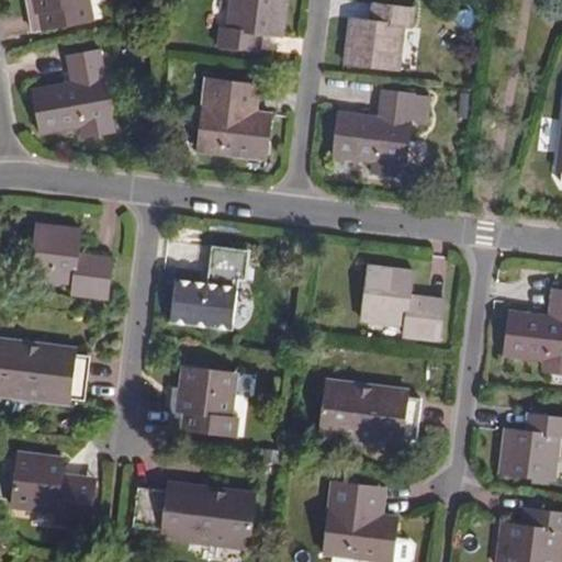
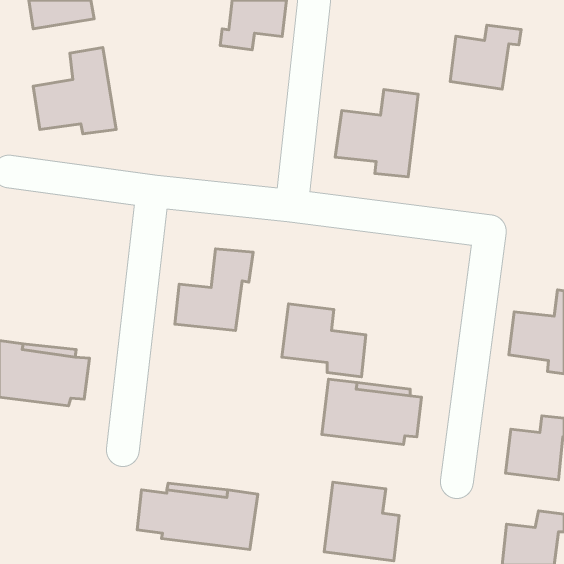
building: [345,5,415,69] -> [450,25,521,89]
building: [196,78,271,159] -> none
building: [31,225,112,296] -> none
building: [358,266,441,338] -> [282,304,366,377]
building: [171,368,240,432] -> none
building: [12,453,95,525] -> none

